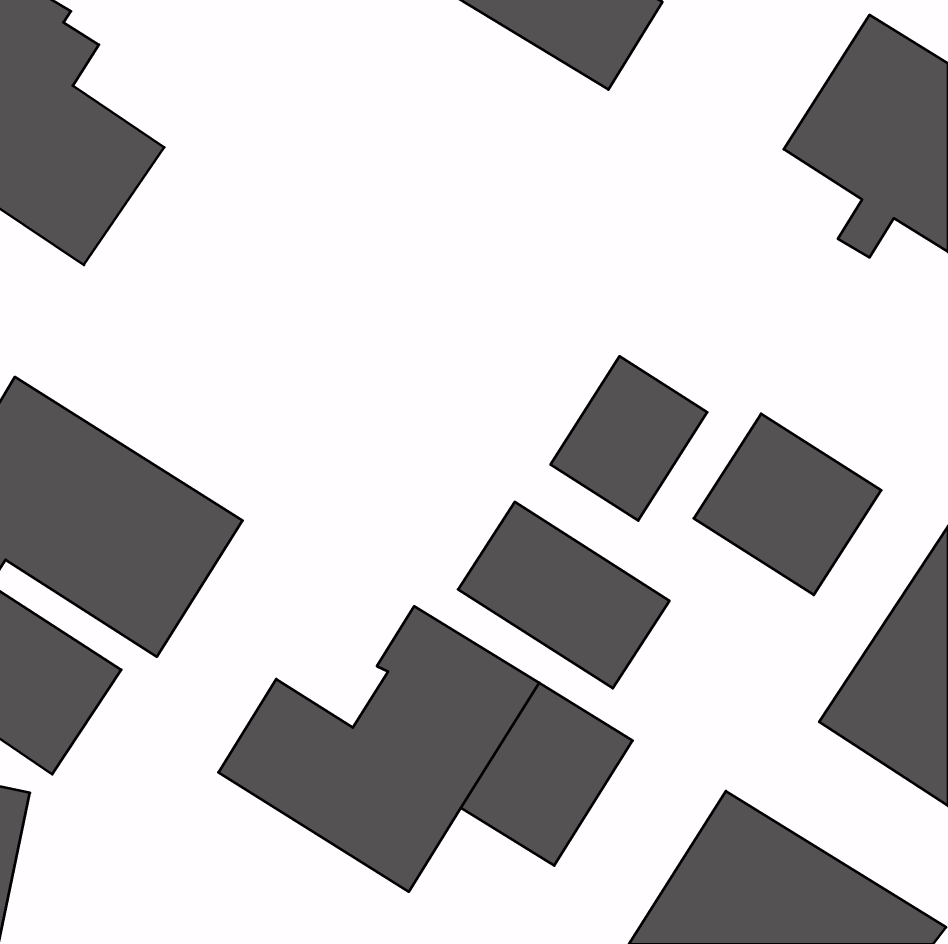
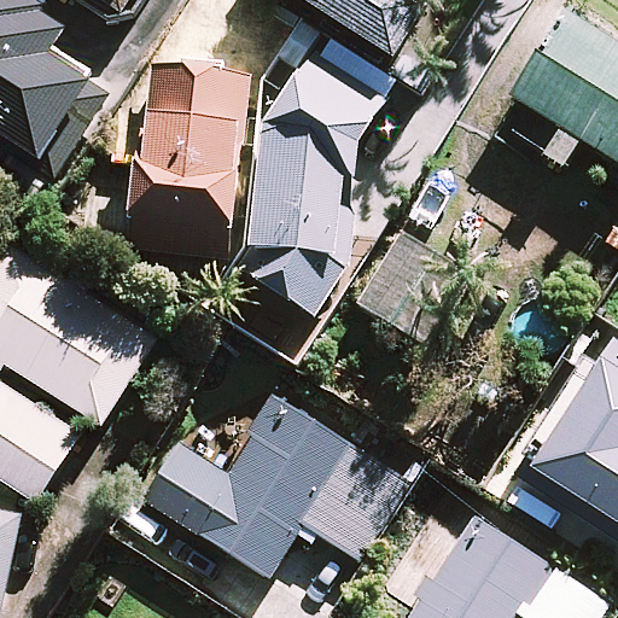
building: none -> [237,49,389,316]
building: none -> [127,59,245,258]
building: [694,414,881,595] -> none
building: [458,502,669,688] -> none

